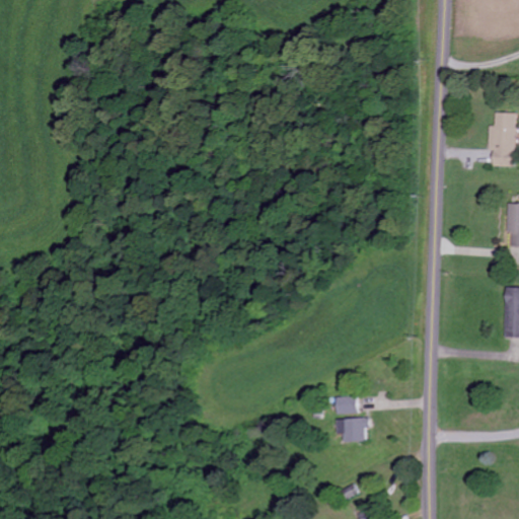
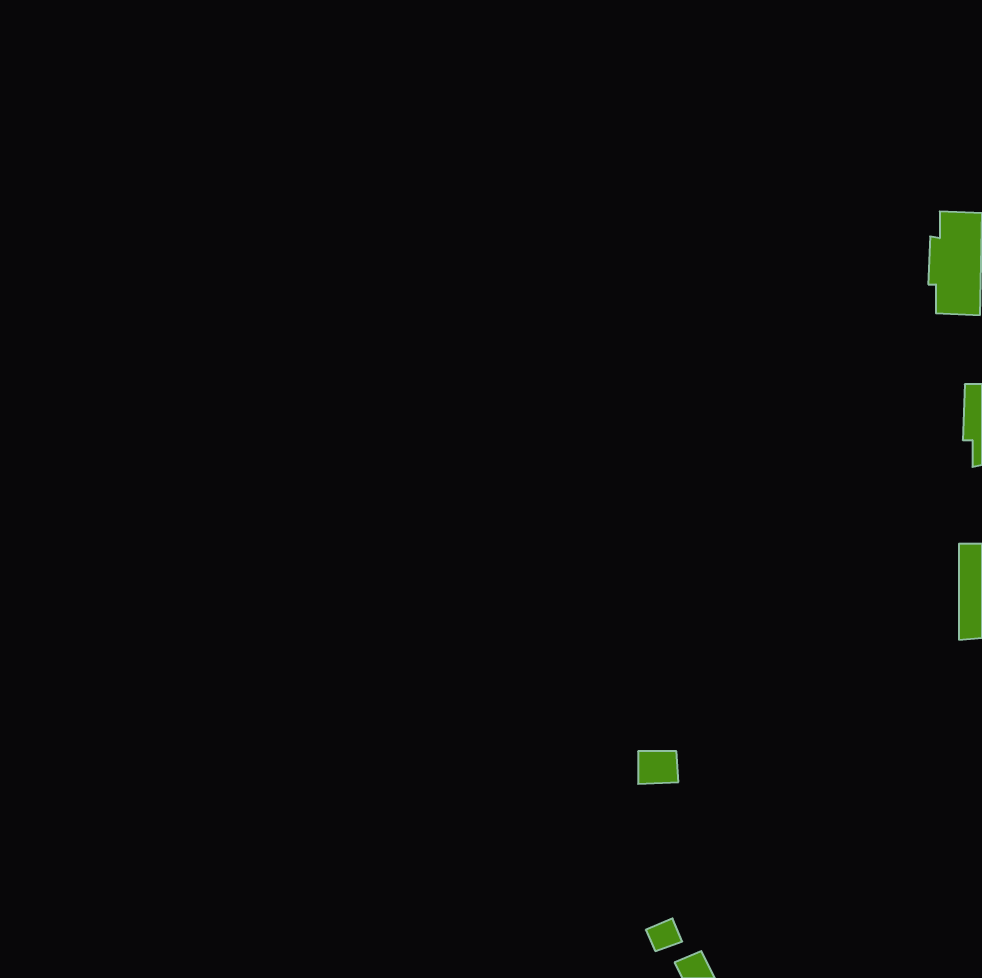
building: [337,418,368,441] -> none

